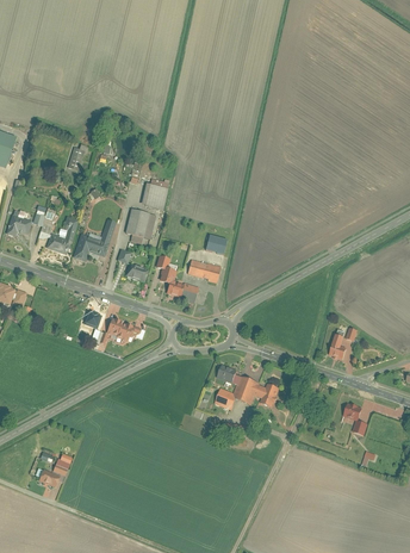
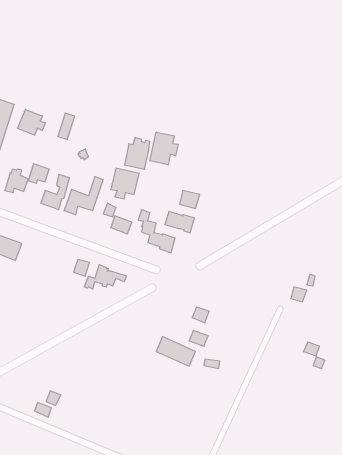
building: none -> [17,109,46,135]
building: none -> [150,132,178,165]
building: [232,377,277,410] -> [156,337,195,366]

